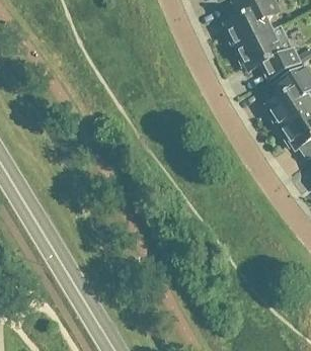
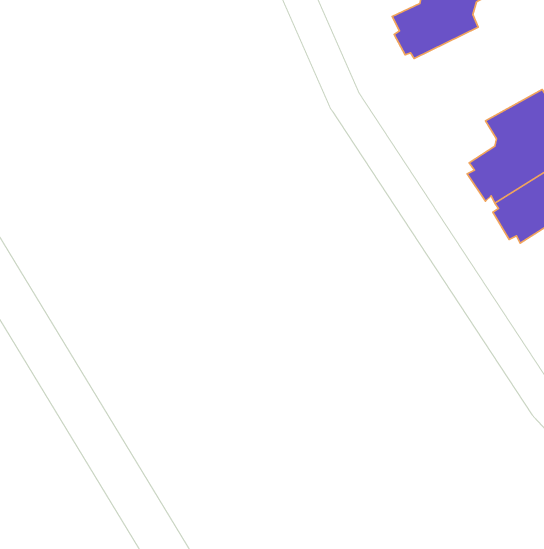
building: [235,28,300,80] -> none

